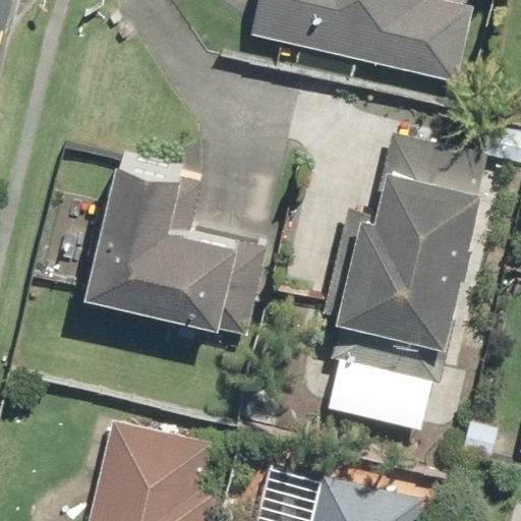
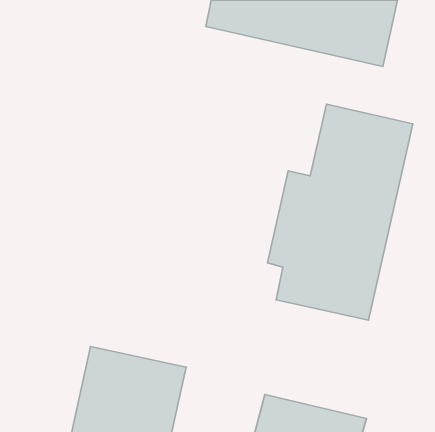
building: [80,160,269,338] -> none

